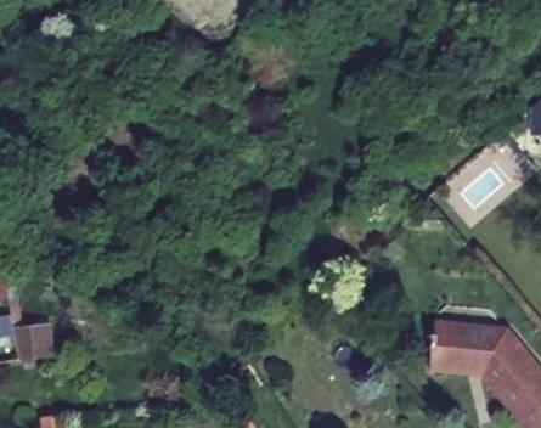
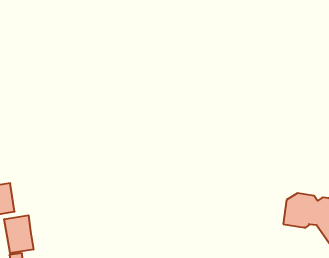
building: none -> [4,215,33,253]

